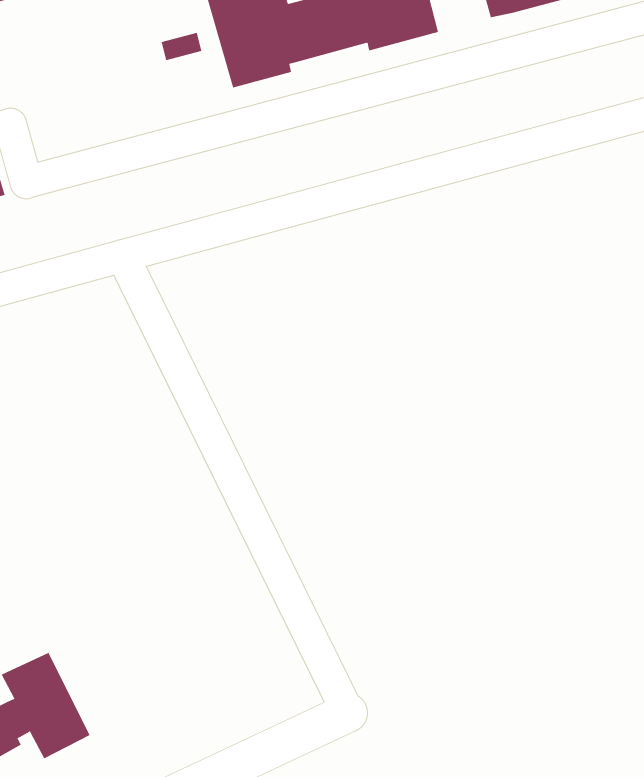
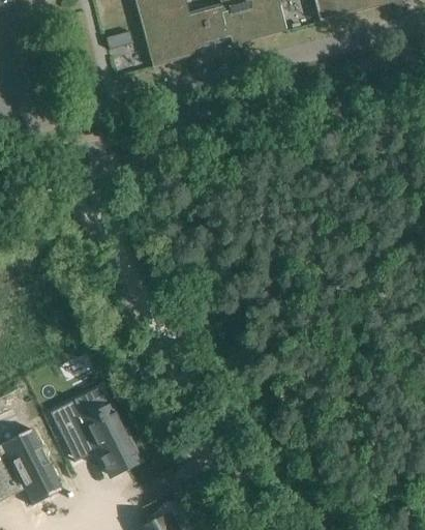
building: none -> [54,395,141,472]

